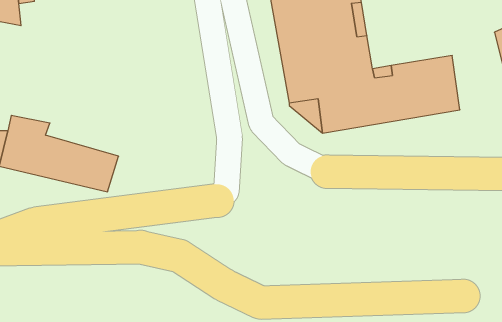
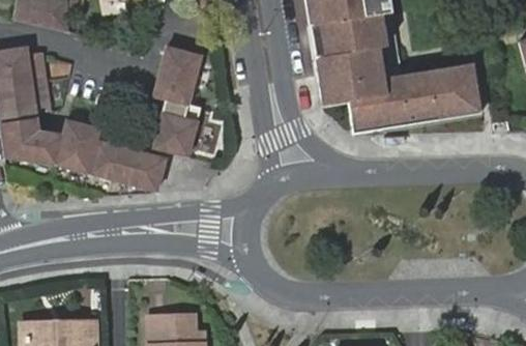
building: none -> [151,46,201,156]

